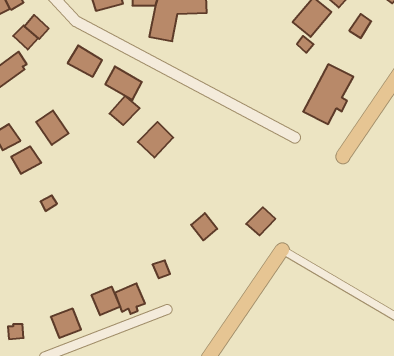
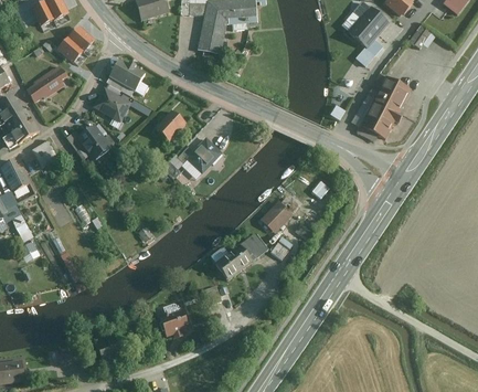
building: [105,66,142,100] -> [94,87,132,123]
building: [11,146,41,174] -> none
building: [246,207,275,235] -> [262,202,293,232]
building: none -> [217,246,255,279]
building: [92,287,120,315] -> none

